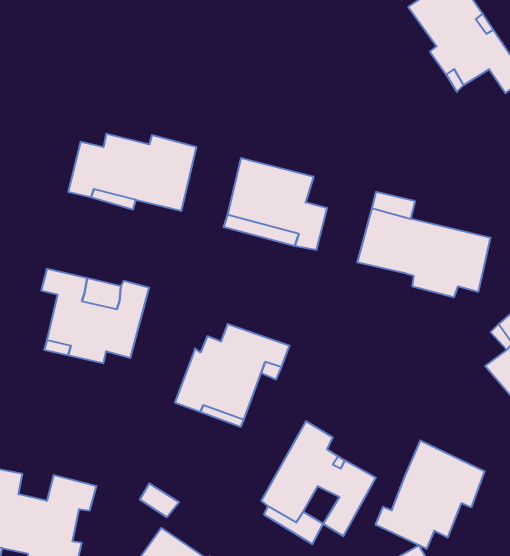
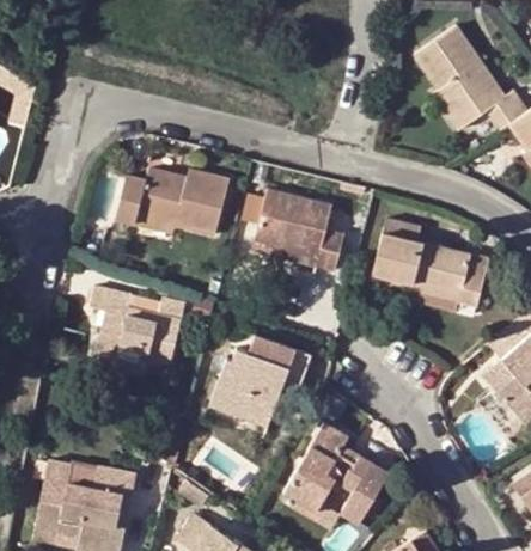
building: [376,440,485,549] -> none

